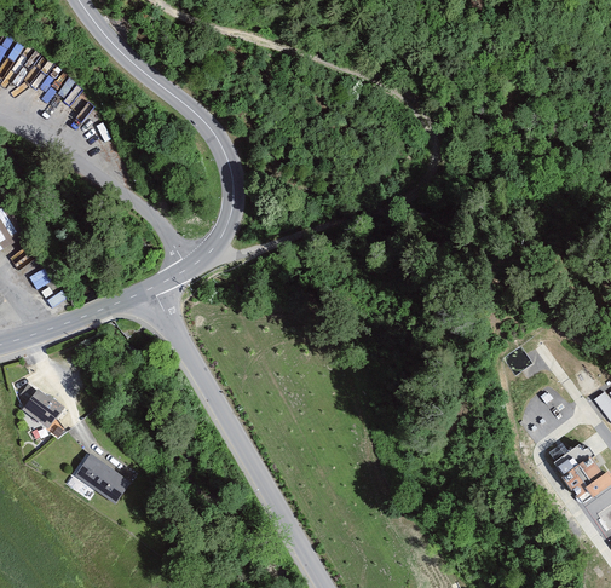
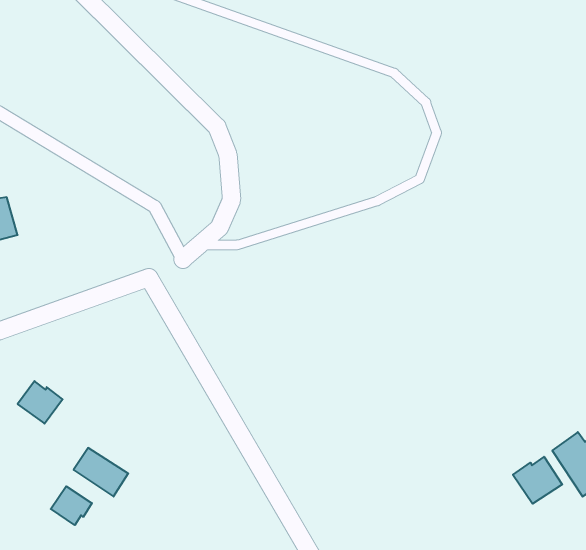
building: none -> [513,457,562,504]
building: none -> [51,486,92,525]

